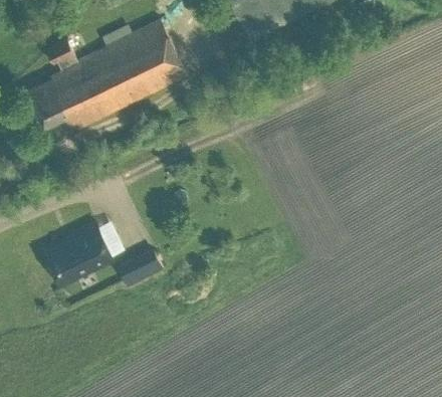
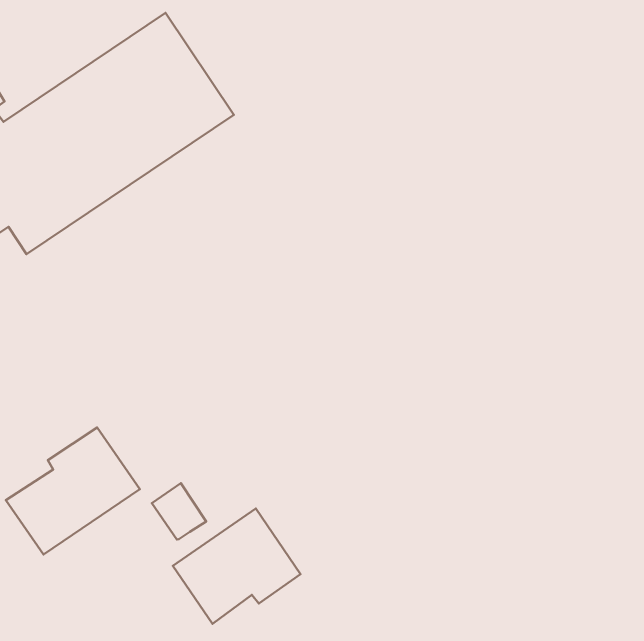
building: none -> [173,509,301,624]

